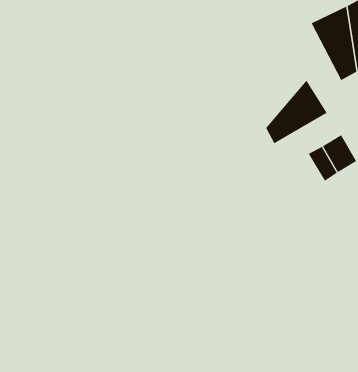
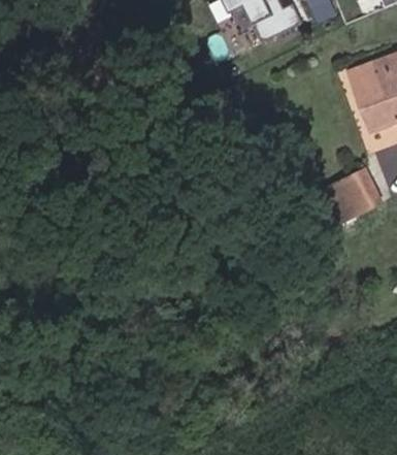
building: [265,80,327,144] -> none

